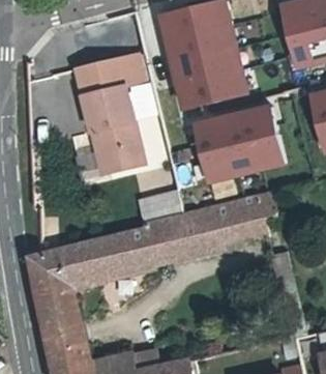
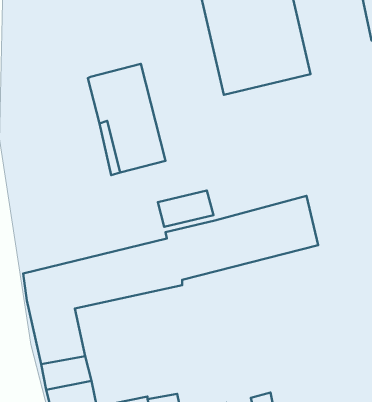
building: [73,54,147,97] -> none
building: [203,102,295,183] -> none

